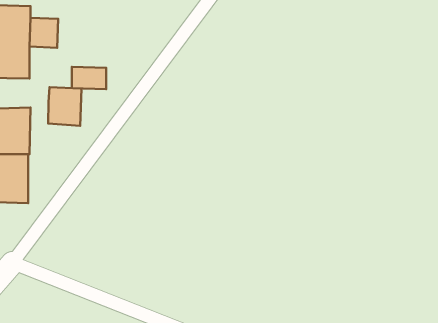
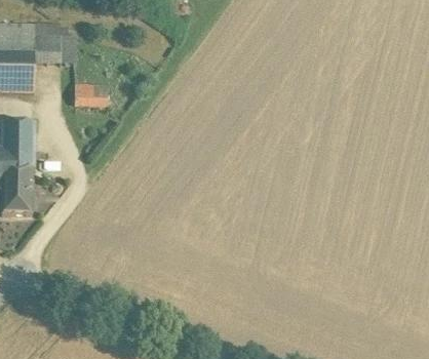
building: [48,87,81,126] -> none

